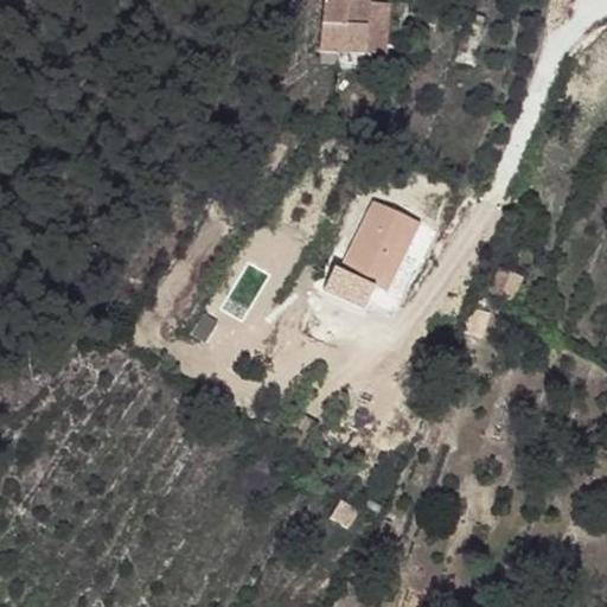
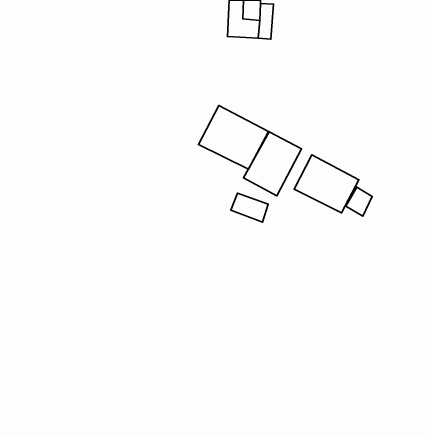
building: none -> [199,105,268,169]
building: none -> [294,155,359,213]

